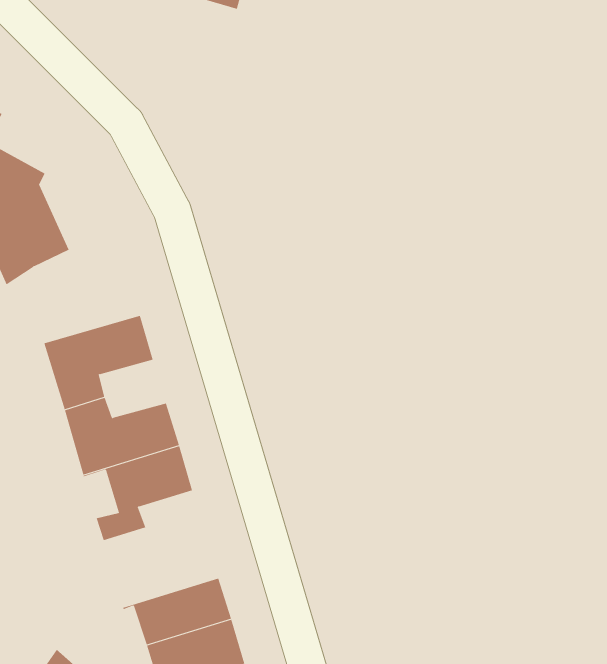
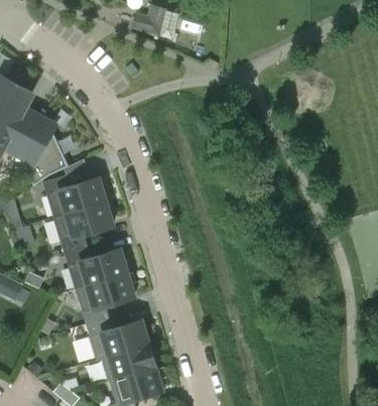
building: none -> [42,174,106,217]
building: none -> [86,316,148,360]

